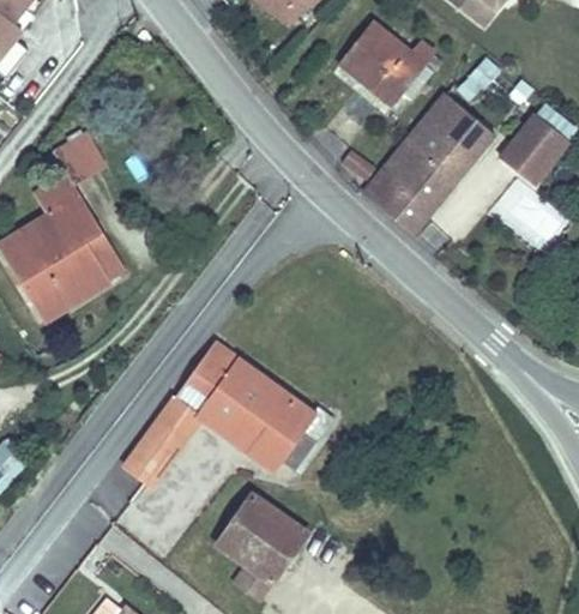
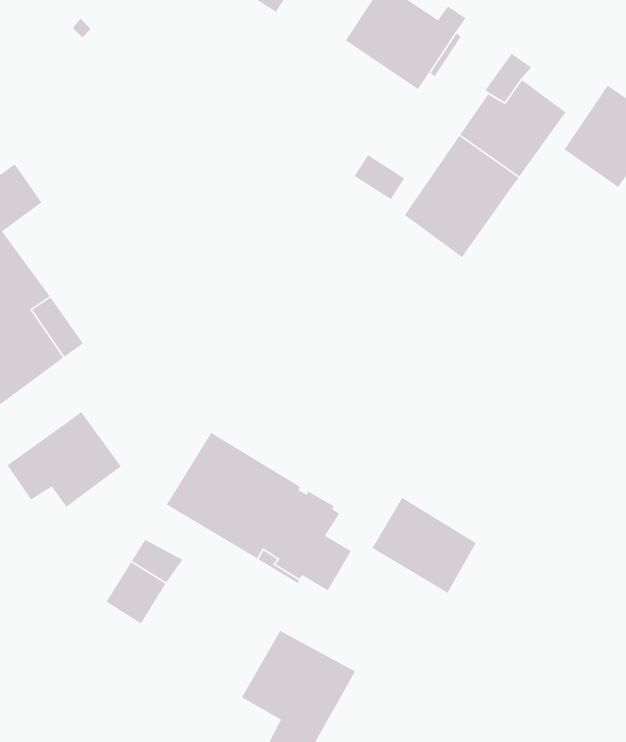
building: none -> [7,411,122,508]
building: none -> [371,497,477,594]

